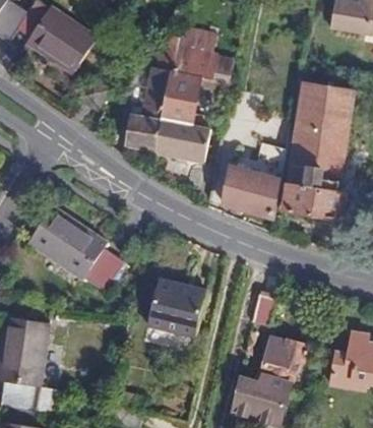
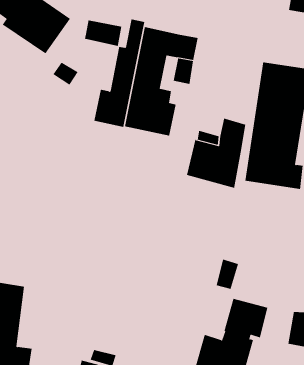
building: [176,25,216,54] -> [84,20,122,46]
building: [27,206,125,293] -> none
building: [146,279,206,338] -> none

